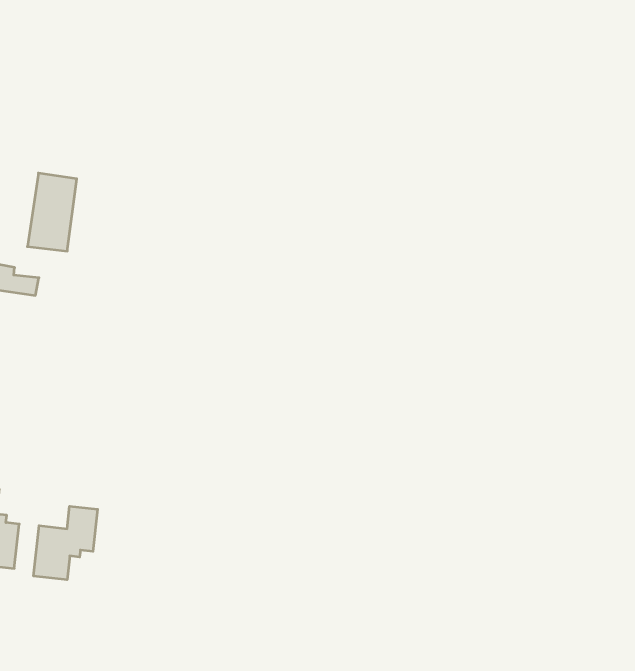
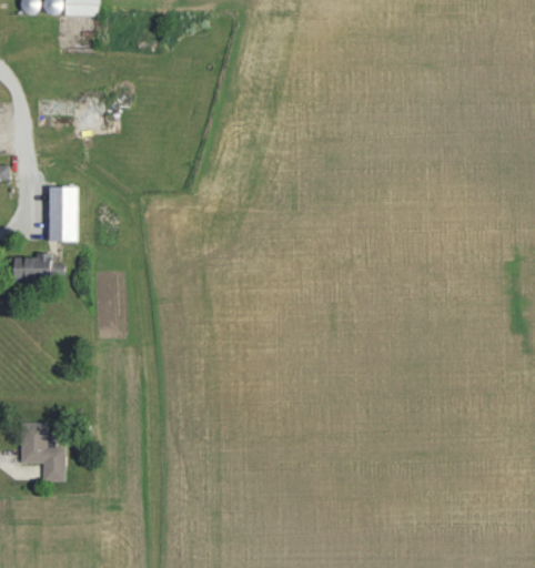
building: [34,506,98,580] -> none

